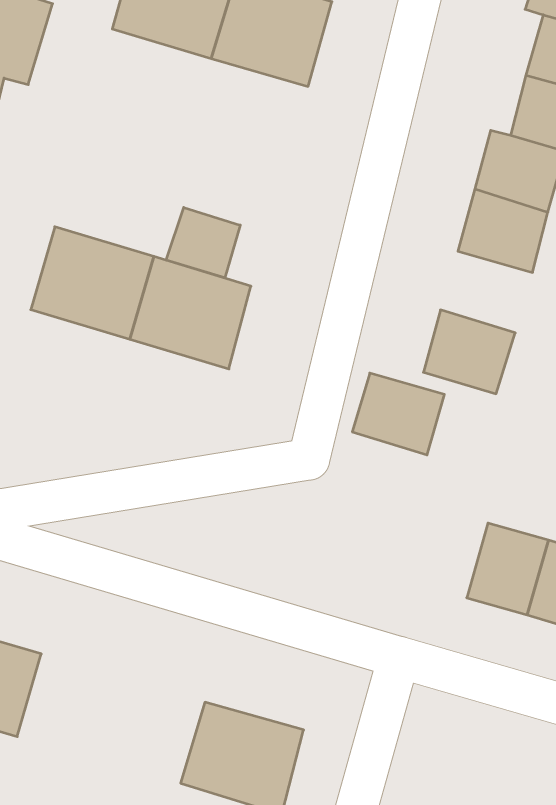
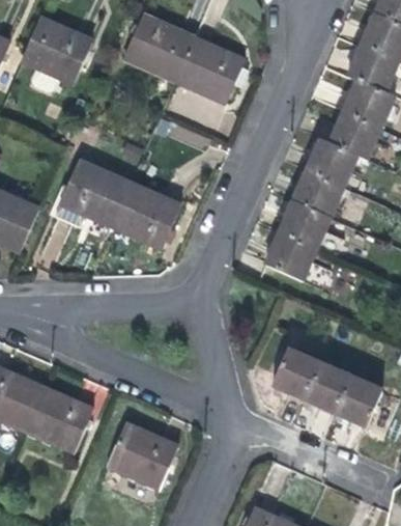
building: [166,207,240,278] -> none
building: [352,373,444,455] -> [280,200,332,248]
building: none -> [24,386,93,451]

